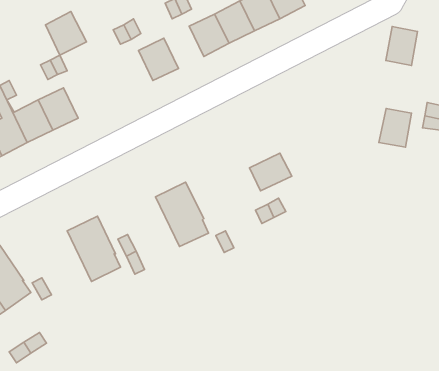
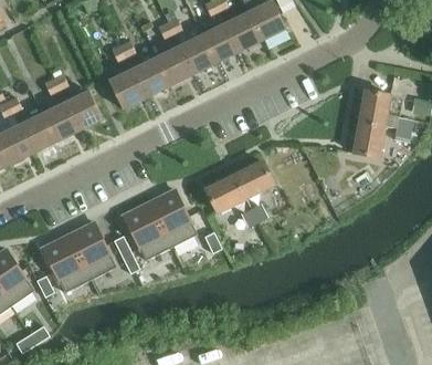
building: [45,12,87,55] -> [64,91,102,131]
building: none -> [156,46,192,85]
building: [386,27,417,65] -> [359,91,388,126]
building: none -> [109,69,146,108]
building: none -> [207,176,244,211]
building: none -> [120,202,170,261]
building: none -> [40,233,89,292]

